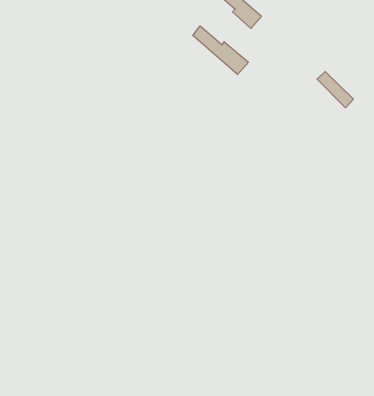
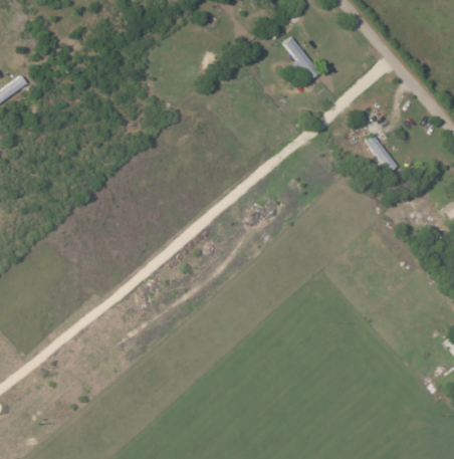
building: [193,26,248,75] -> none

